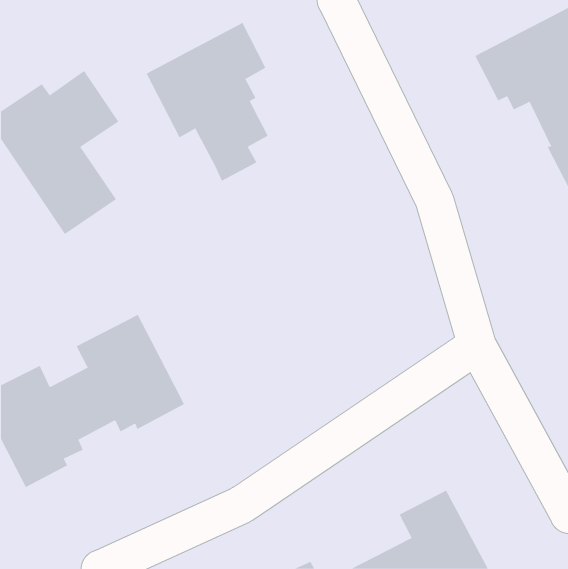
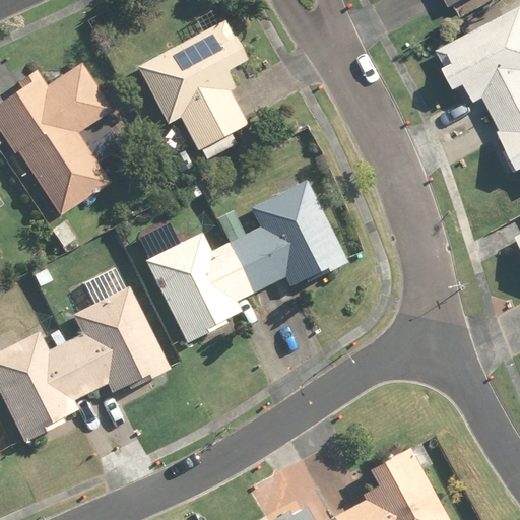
building: none -> [145,180,347,345]

